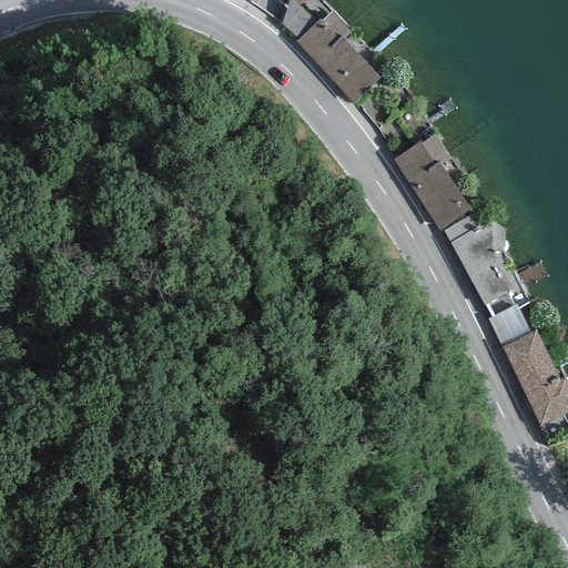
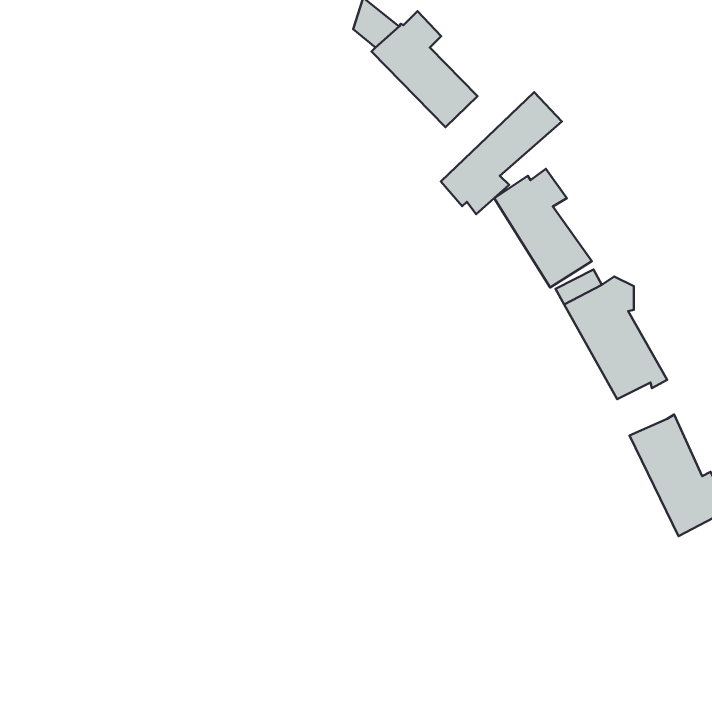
building: none -> [441,92,562,214]
building: [488,304,531,346] -> none

